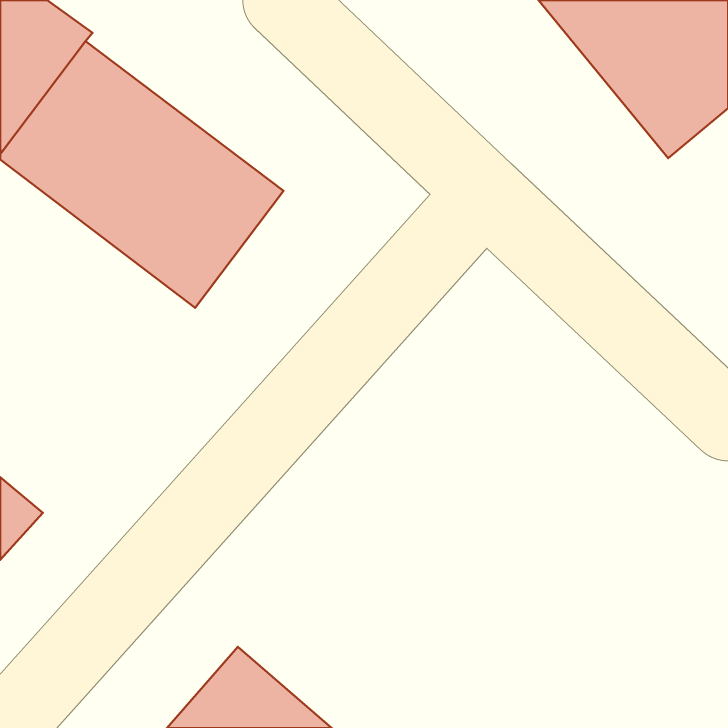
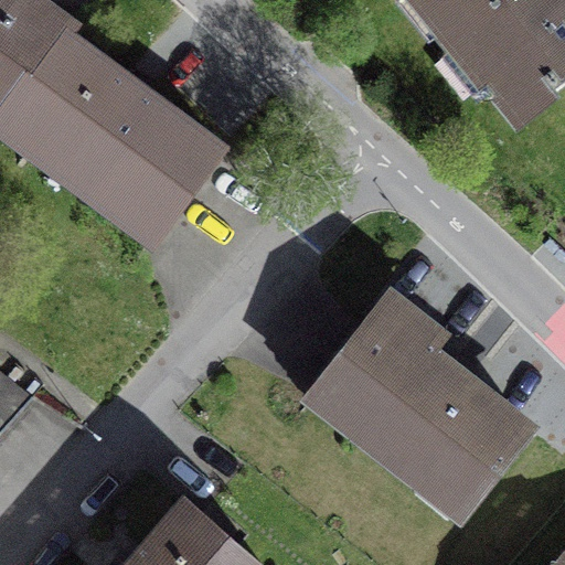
building: none -> [312,298,527,511]

